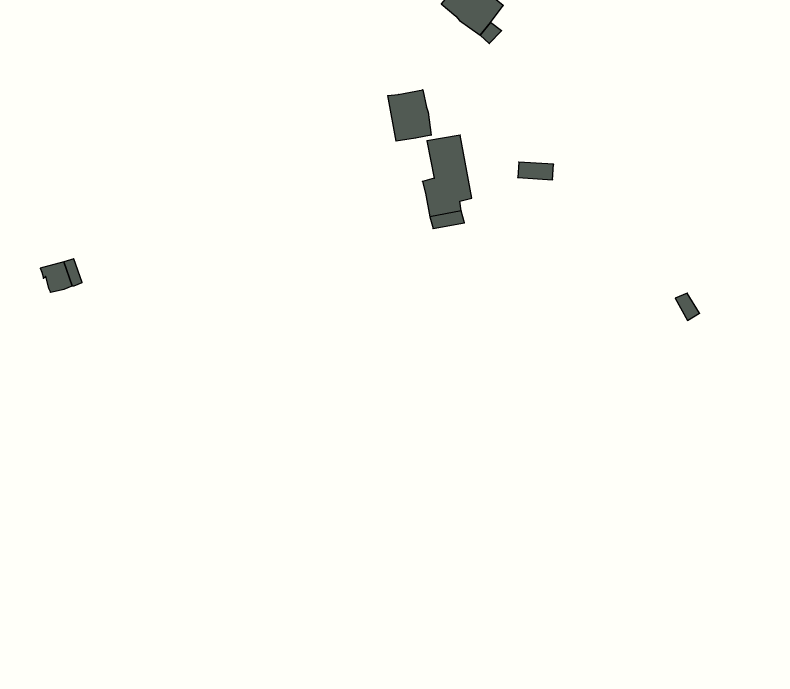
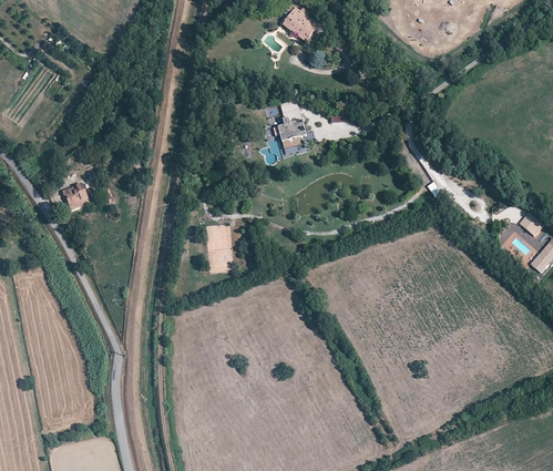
building: [388,90,431,141] -> none

